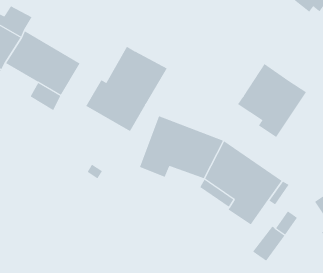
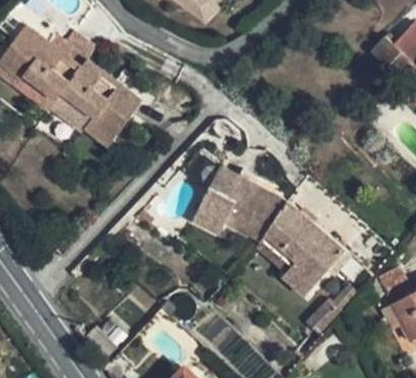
building: [86,46,168,132] -> none
building: [237,63,307,138] -> none

